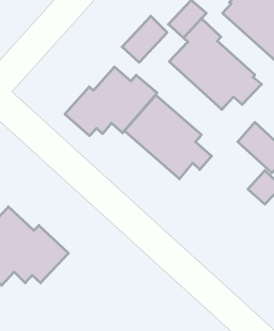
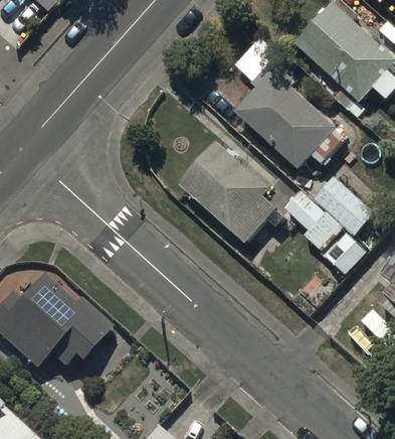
building: [122,16,167,62] -> none
building: [65,67,157,136] -> none
building: none -> [284,188,343,249]

